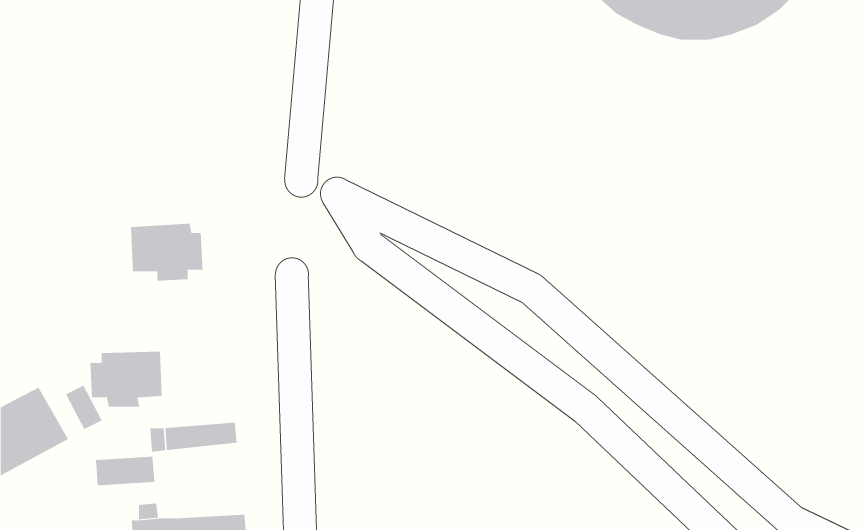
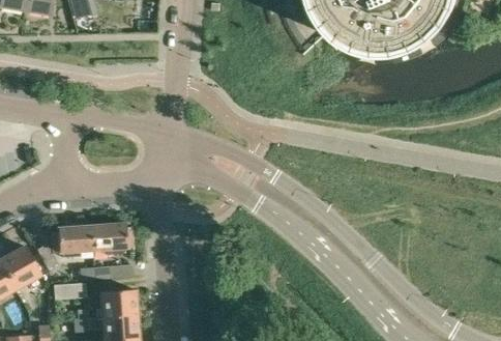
building: [130,223,203,281] -> [89,223,129,255]
building: none -> [99,290,136,317]

